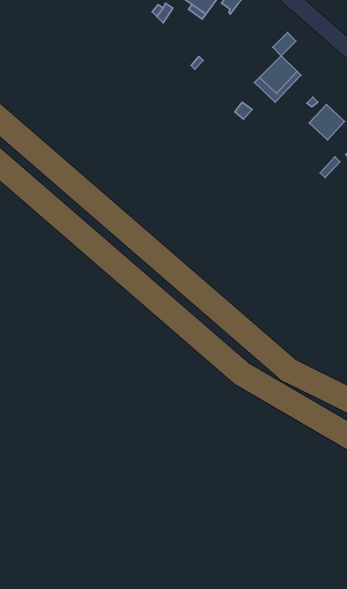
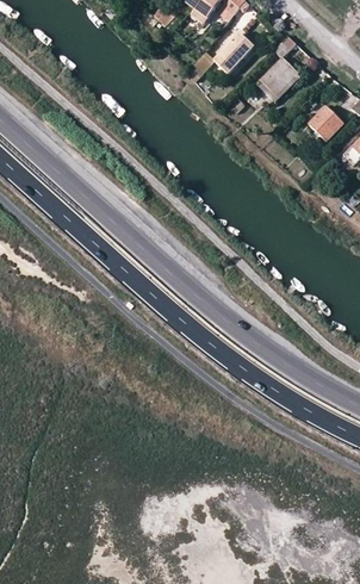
building: none -> [212,35,249,73]

